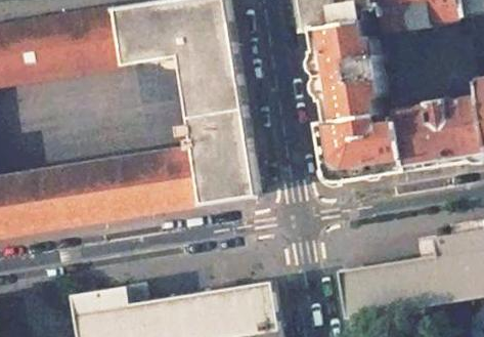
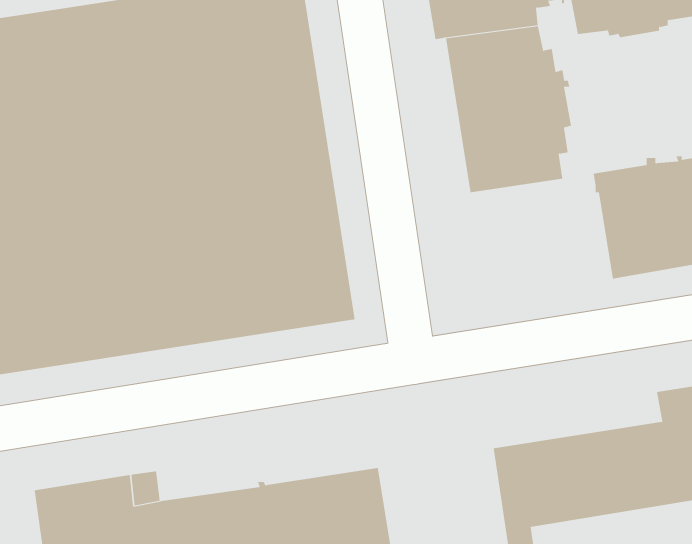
building: [315,113,404,180] -> none

